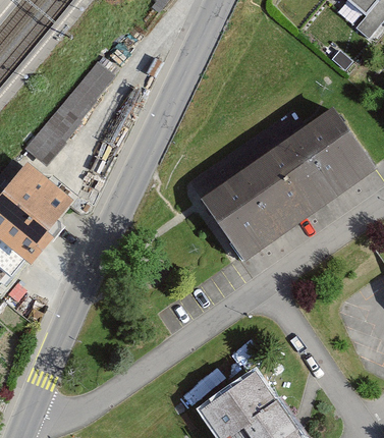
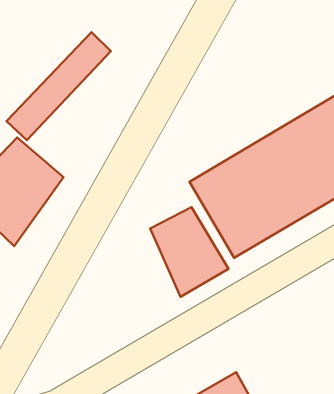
building: none -> [150,207,228,297]

